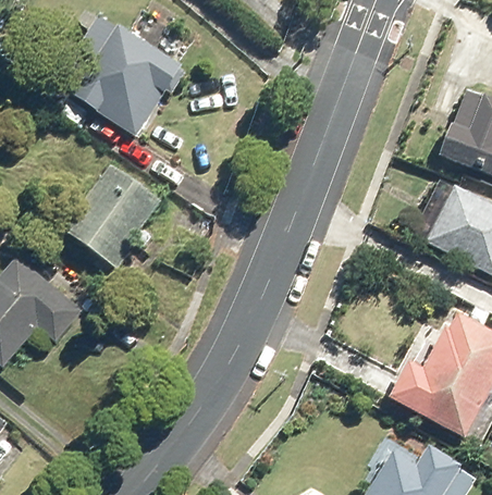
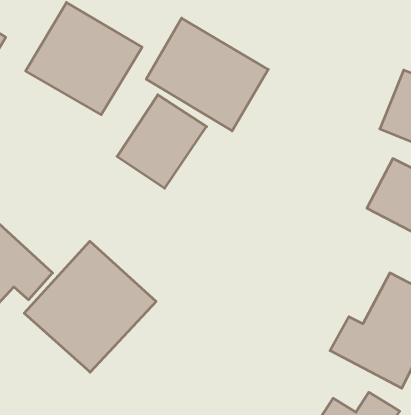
building: none -> [146,18,268,131]
building: [63,164,161,267] -> [117,95,207,188]
building: none -> [24,241,156,372]

